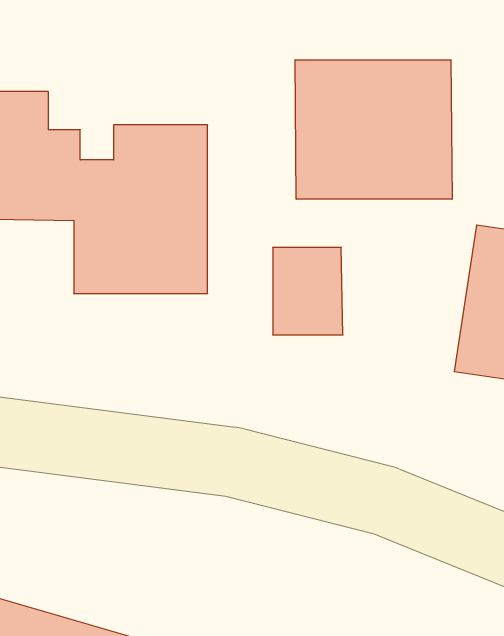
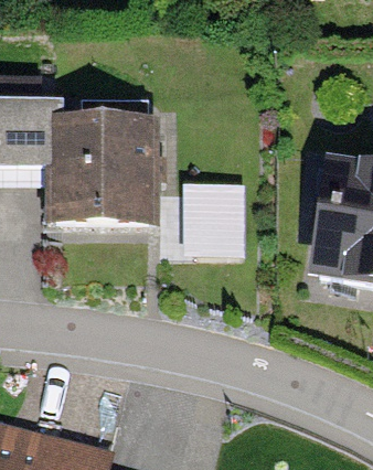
building: [295,60,452,199] -> none

